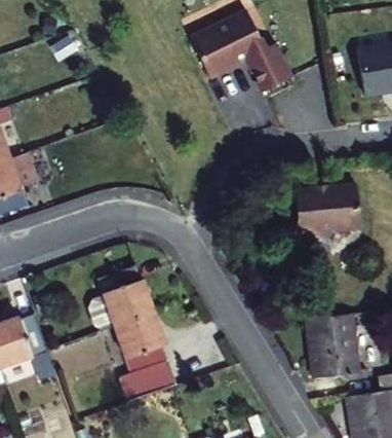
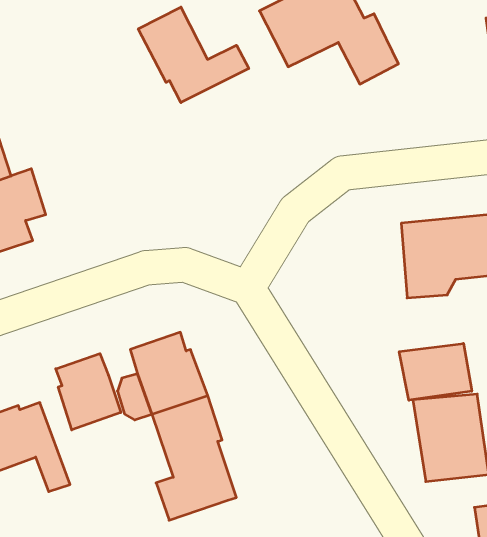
building: none -> [138,7,249,103]
building: none -> [399,343,472,400]
building: none -> [56,354,121,430]

